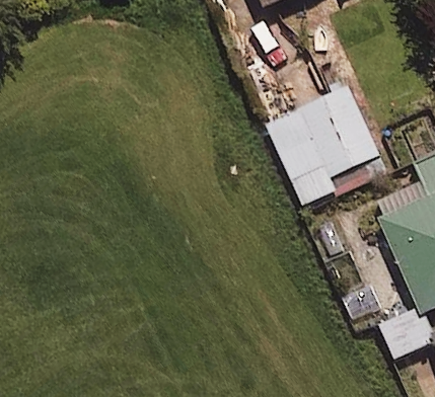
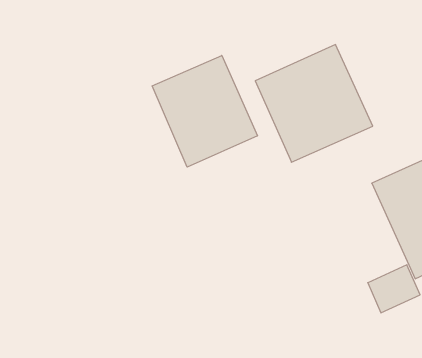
building: none -> [152,55,257,167]

